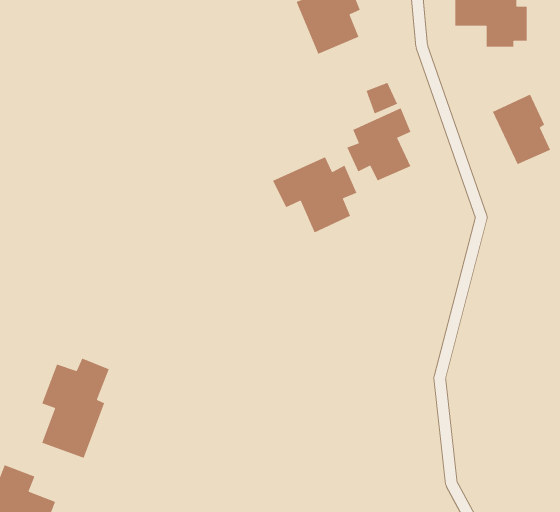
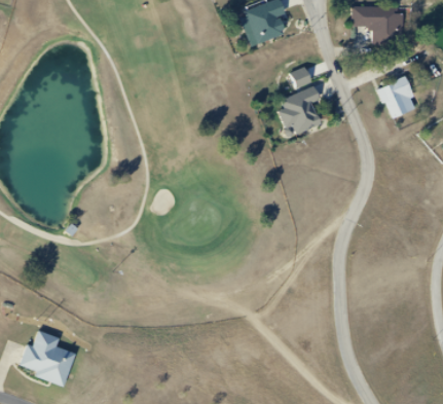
building: [272,156,357,234] -> none
building: [41,358,110,459] -> none

